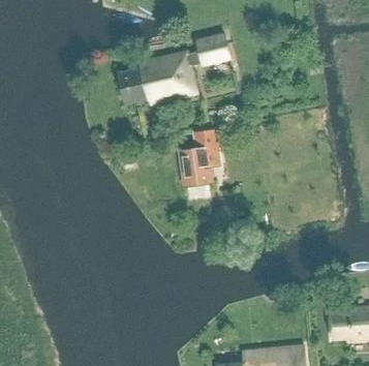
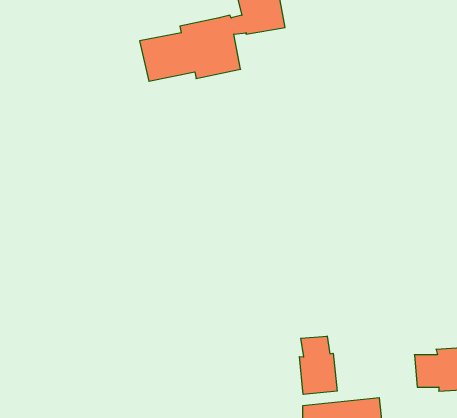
building: [180,128,217,185] -> none
building: none -> [299,336,337,394]

